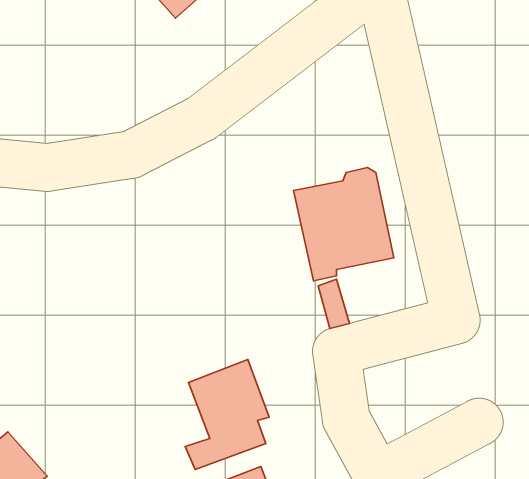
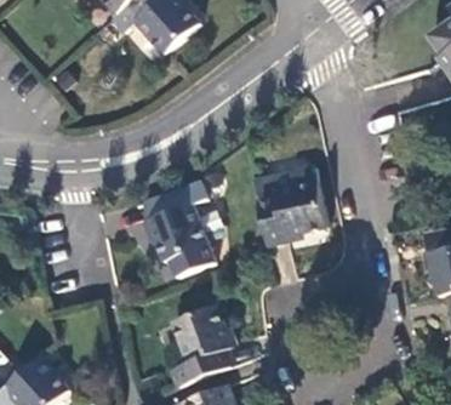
building: none -> [142,183,213,276]

